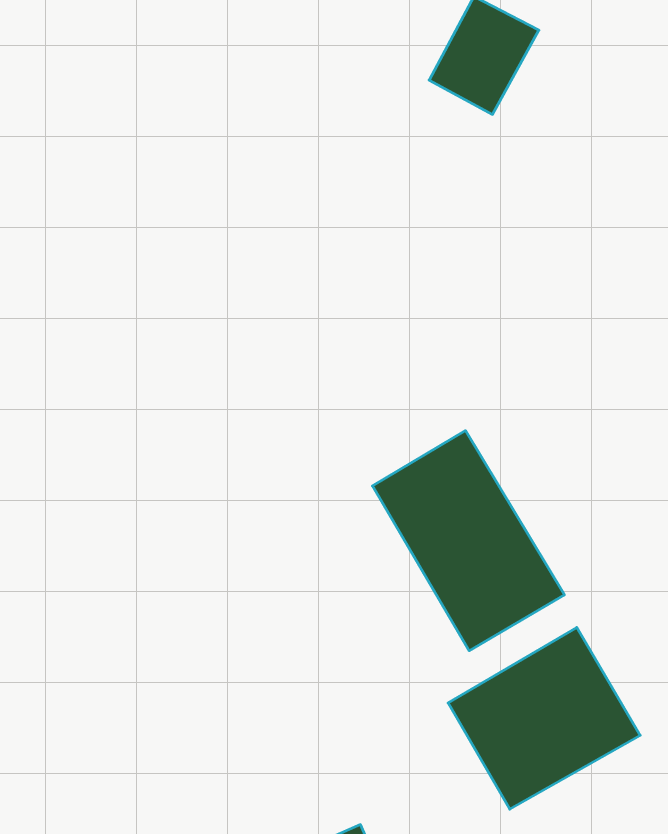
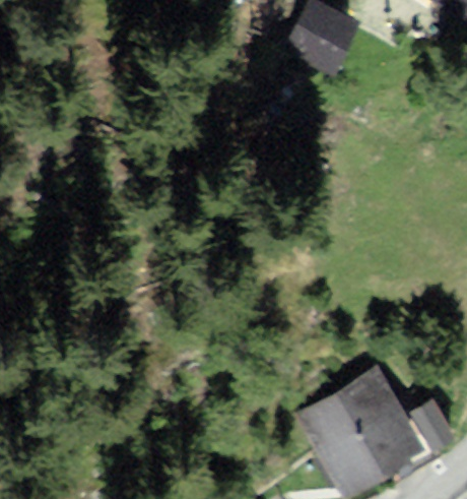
building: [372,431,564,651] -> none

